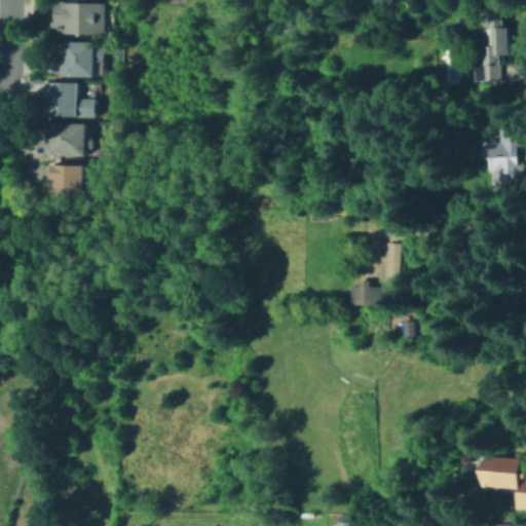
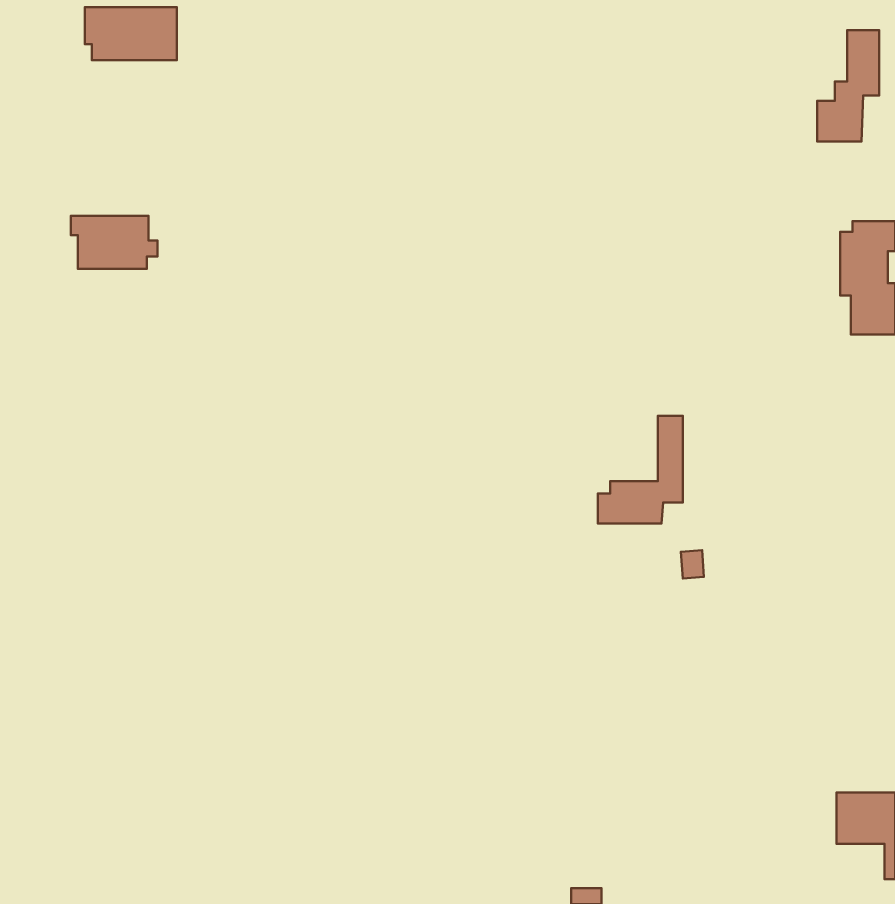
building: [55,44,100,78] -> none
building: [41,83,92,118] -> none
building: [44,166,89,199] -> none

